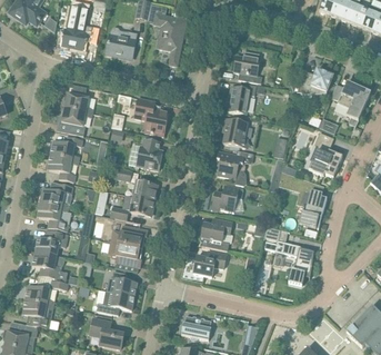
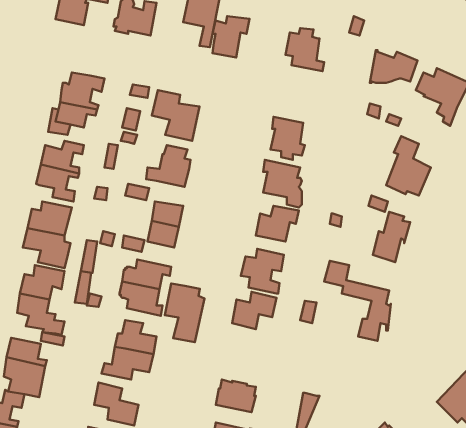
building: [229,82,257,114] -> [212,16,250,58]
building: none -> [165,283,204,342]

